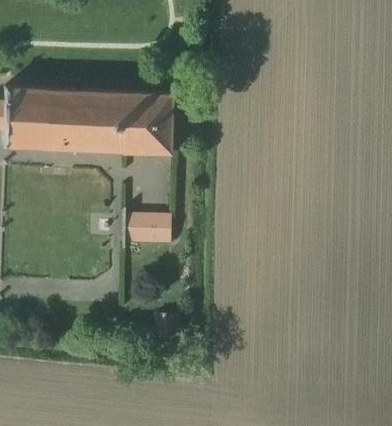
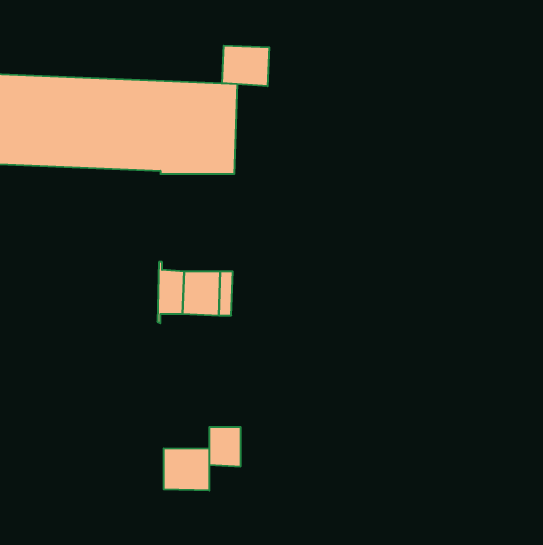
building: none -> [222,46,269,86]
building: none -> [164,448,209,491]

